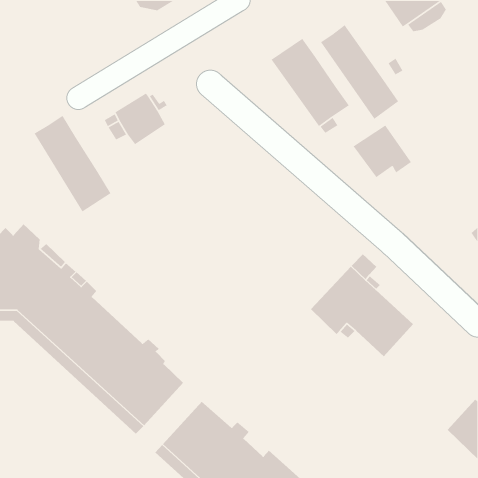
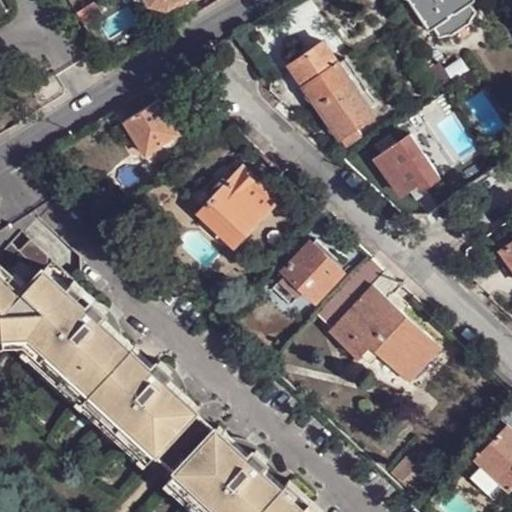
building: [320,24,399,120] -> none
building: [34,115,112,212] -> none
building: none -> [203,169,270,242]
building: none -> [281,243,341,303]

